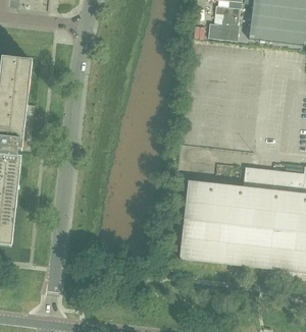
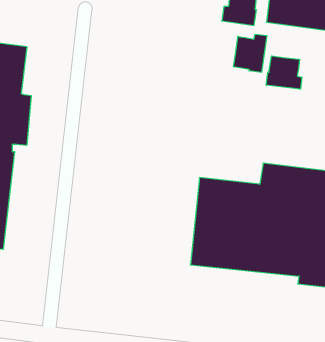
building: none -> [233,34,267,72]
building: none -> [266,56,302,89]

